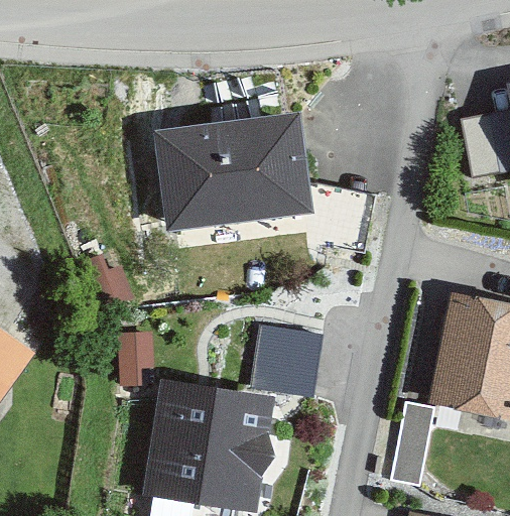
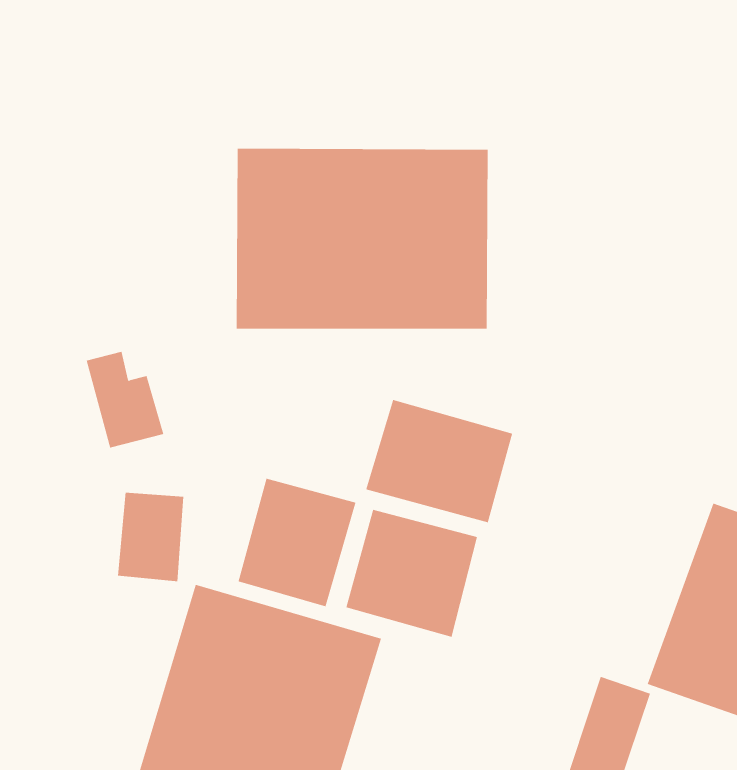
building: none -> [365,399,513,523]
building: none -> [238,478,356,607]

